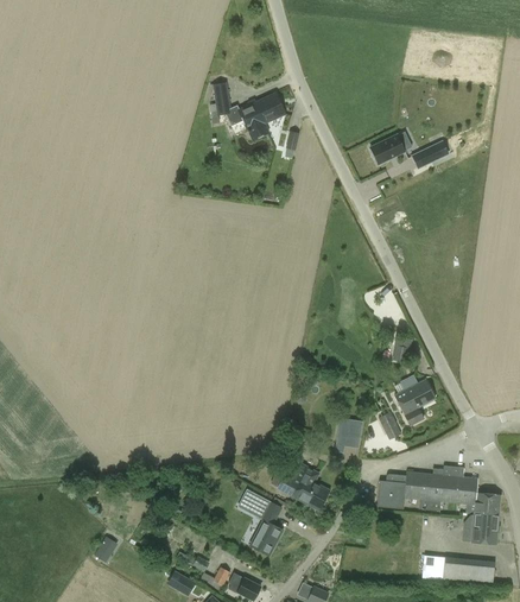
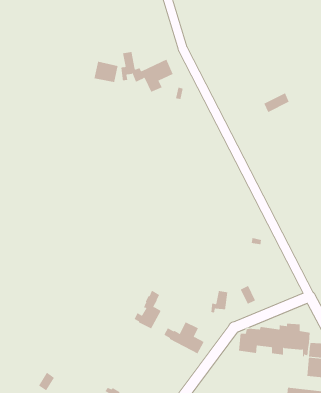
building: none -> [94,61,118,83]
building: [369,133,405,165] -> none
building: [393,375,435,425] -> none
building: [243,500,283,556] -> [134,290,162,329]

